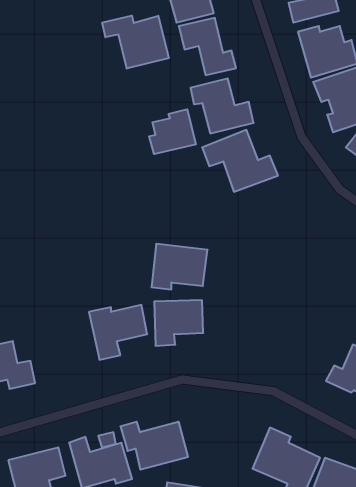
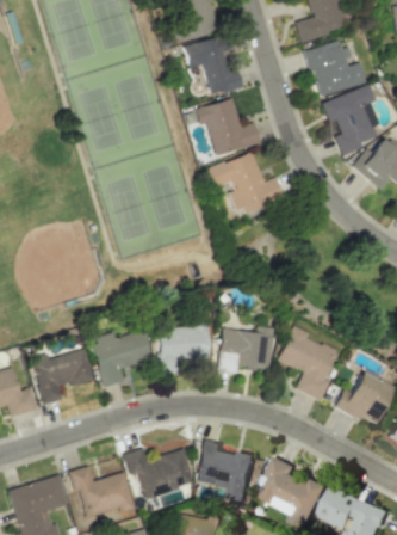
building: [102,16,169,69] -> none
building: [149,109,196,154] -> none
building: [151,244,208,289] -> [217,327,274,374]
building: none -> [278,328,341,400]
building: none -> [31,350,93,405]
building: none -> [197,441,258,502]

